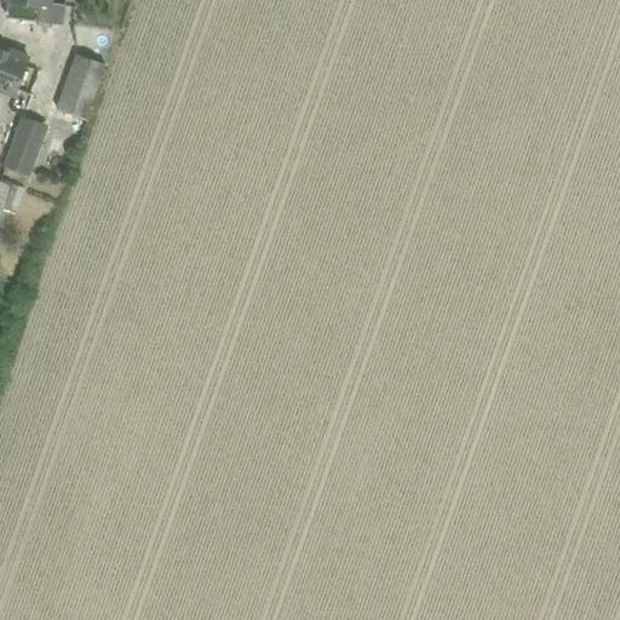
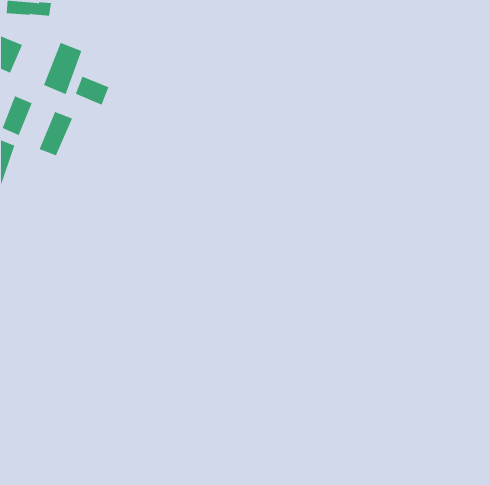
building: none -> [75,76,109,106]
building: none -> [39,111,73,156]

